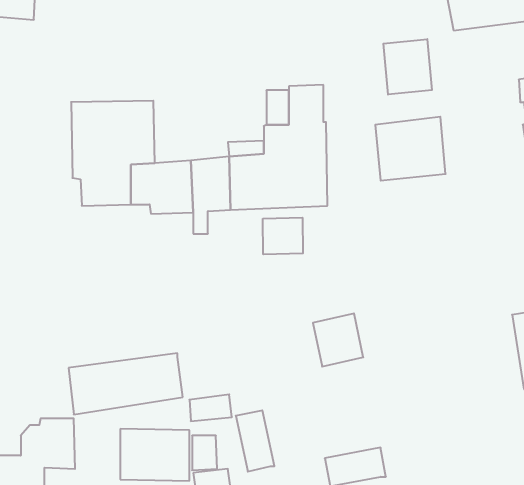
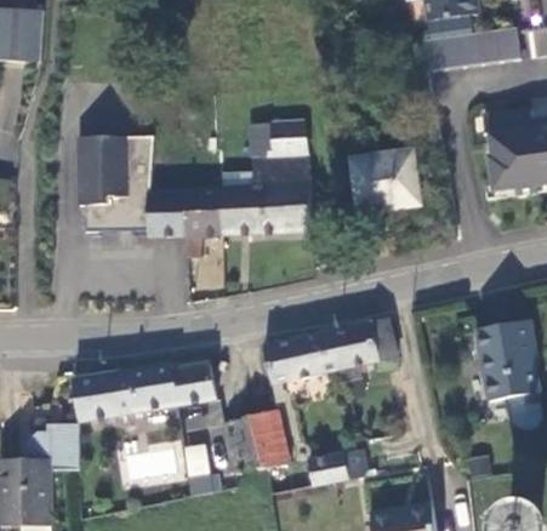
building: [383,39,432,95] -> none
building: [263,218,303,254] -> none
building: none -> [334,316,394,369]
building: none -> [262,337,304,386]
building: none -> [172,364,215,405]
building: none -> [250,411,289,468]

